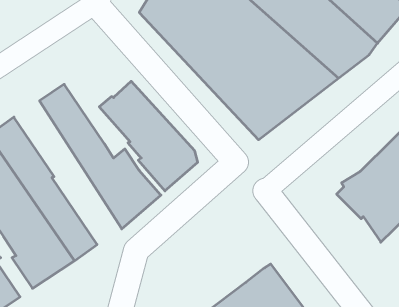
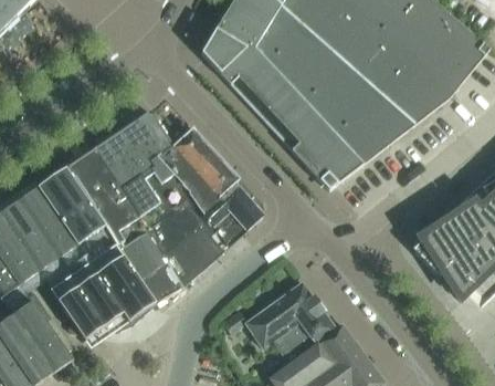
building: none -> [120,112,180,194]
building: none -> [66,147,182,302]
building: none -> [224,282,336,363]

